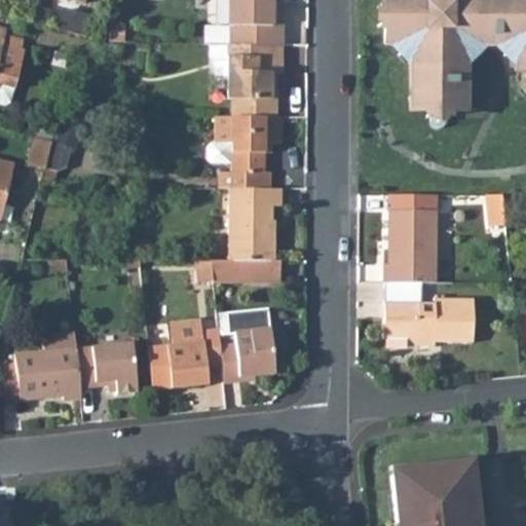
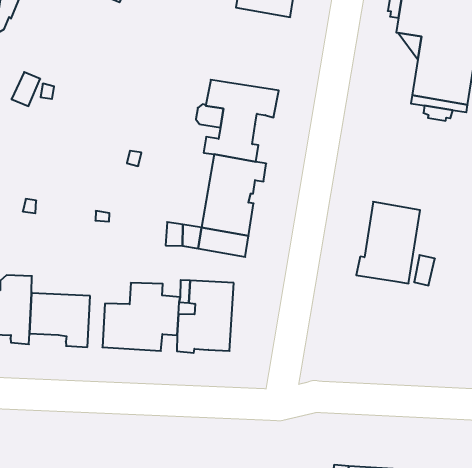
building: [211,43,284,116] -> none
building: [384,281,475,345] -> none

